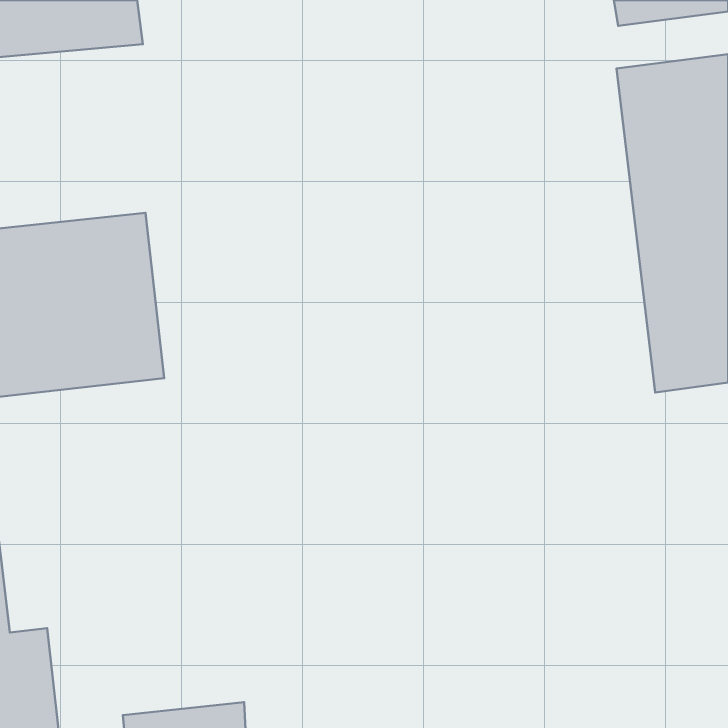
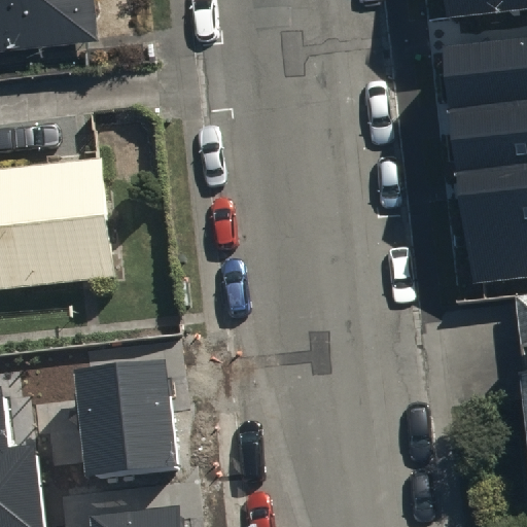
building: none -> [73,361,177,481]

